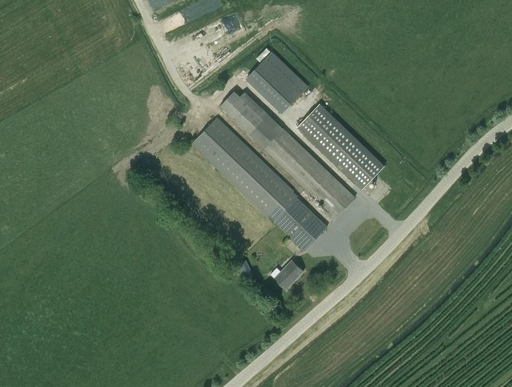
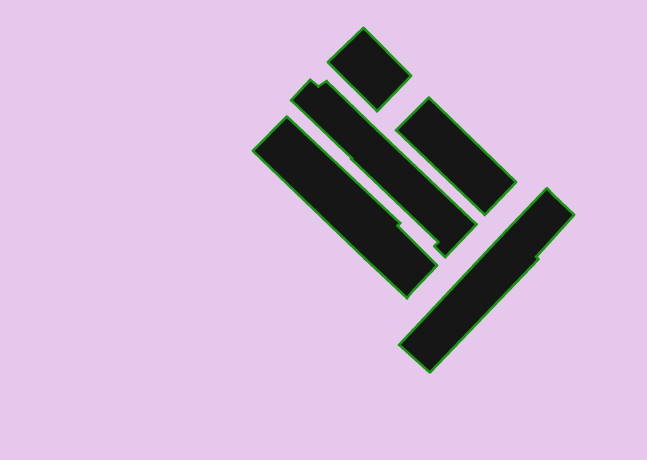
building: none -> [399,188,574,372]
building: [269,259,303,288] -> none

